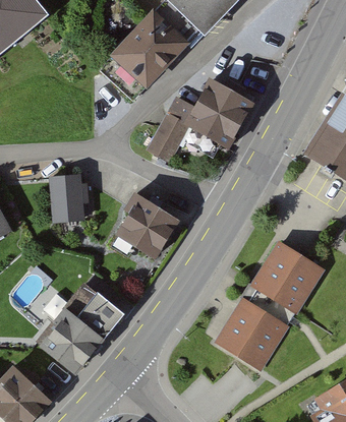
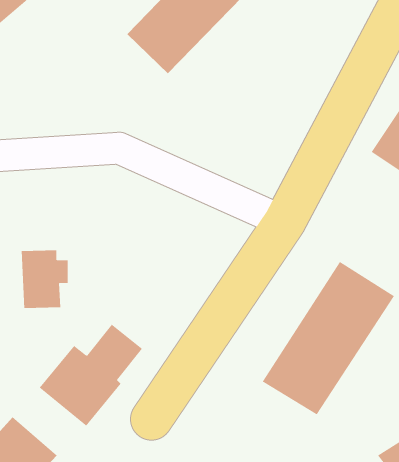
building: [153,82,253,162] -> none
building: [53,176,92,224] -> [21,250,69,309]
building: [116,198,176,256] -> none

